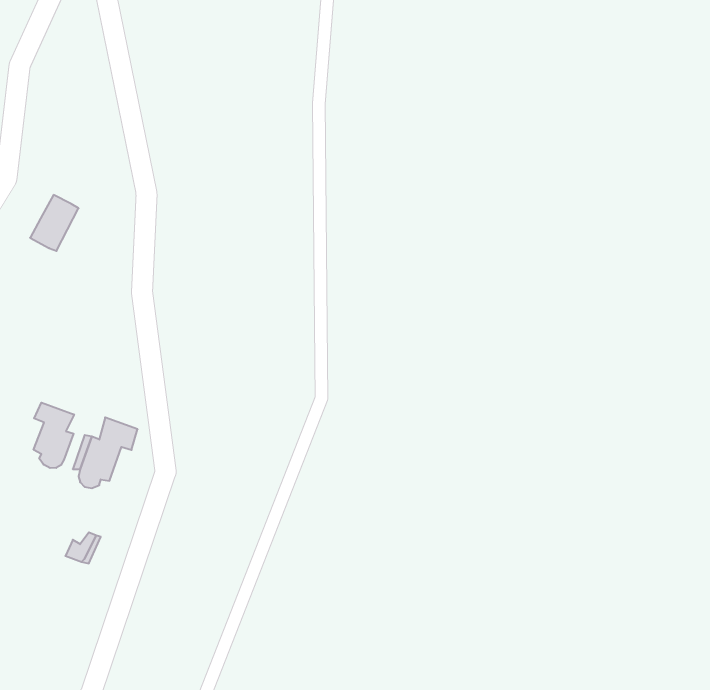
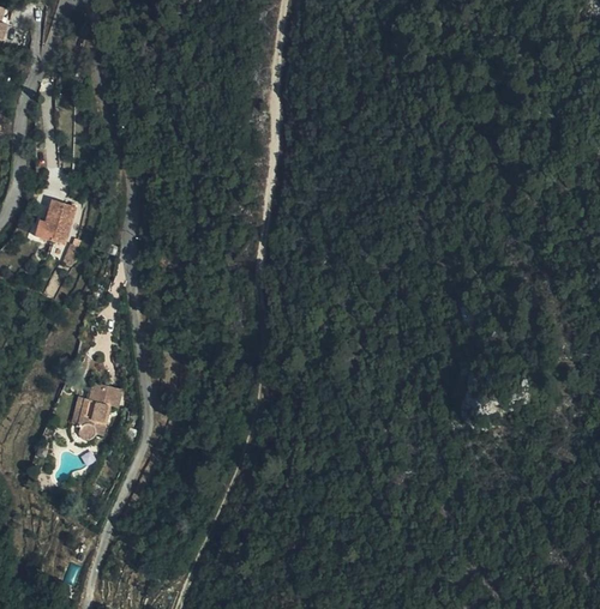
building: [34,403,74,468] -> none

